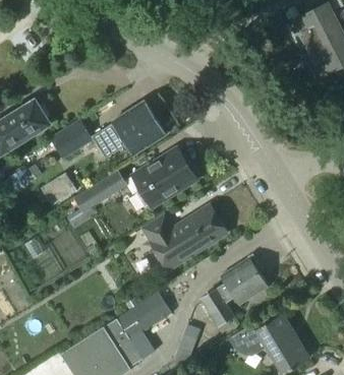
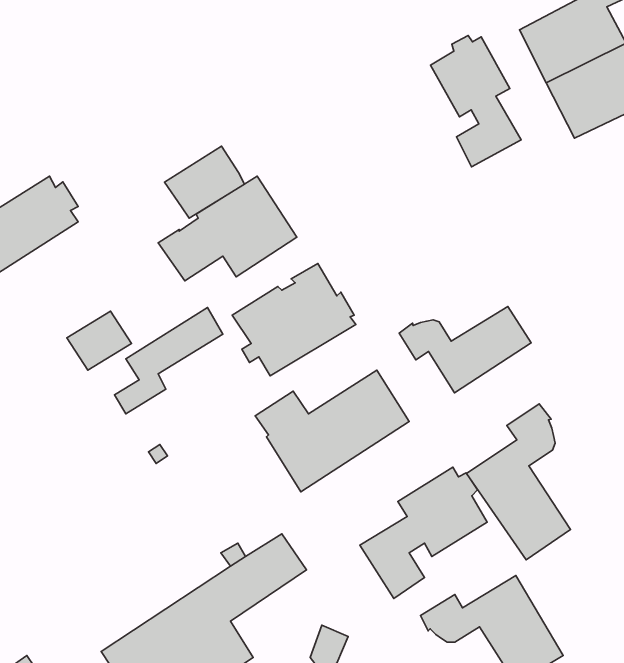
building: none -> [431,36,521,167]
building: [50,119,93,158] -> [164,146,244,218]
building: none -> [399,306,531,393]
building: none -> [467,404,571,560]

